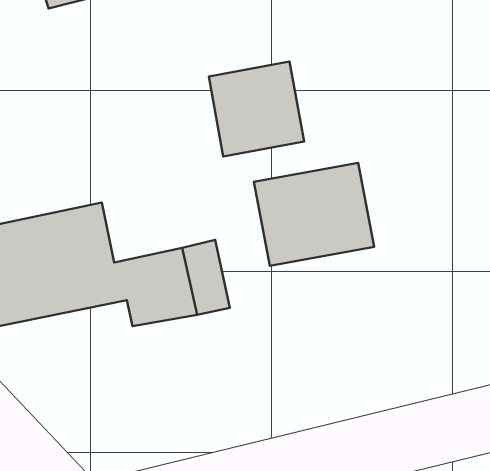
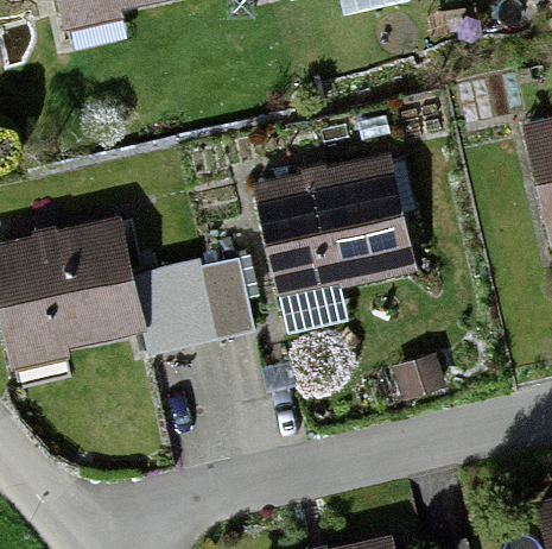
building: [209,62,304,156] -> none

